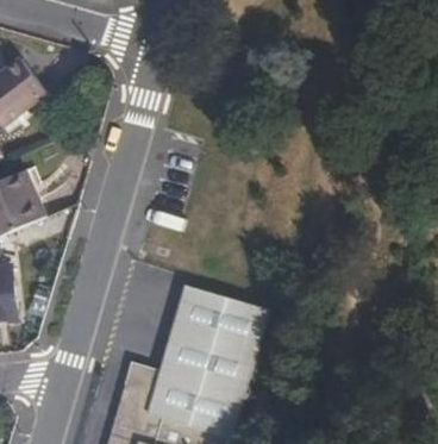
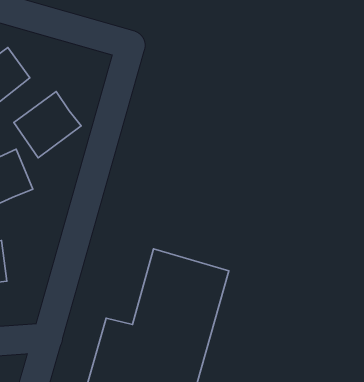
building: none -> [14,91,81,158]

